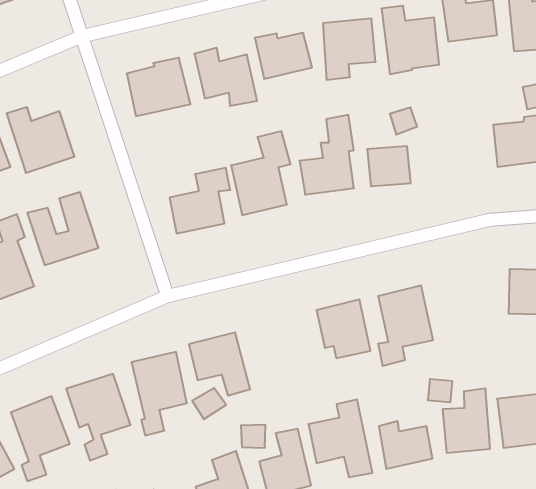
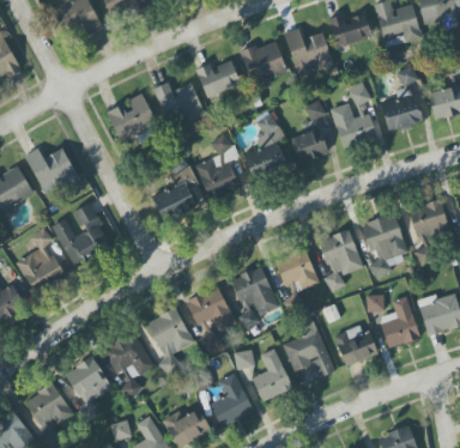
building: none -> [329,81,373,145]
building: none -> [362,213,408,278]
building: none -> [230,266,279,329]

